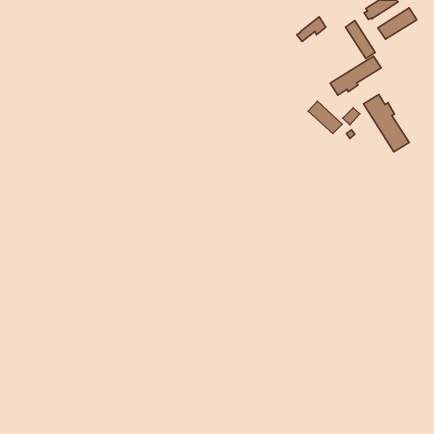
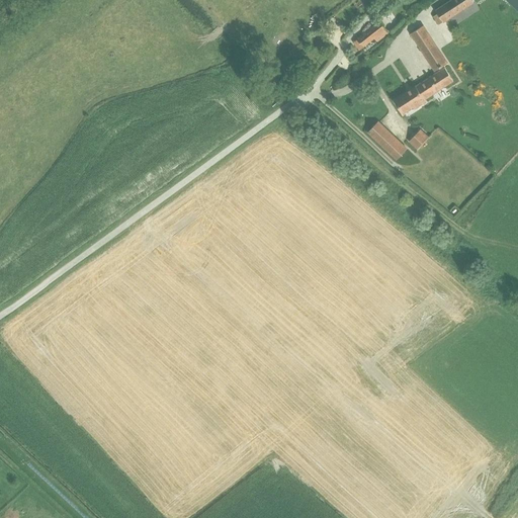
building: [378,8,417,39] -> none
building: [364,94,409,152] -> none

